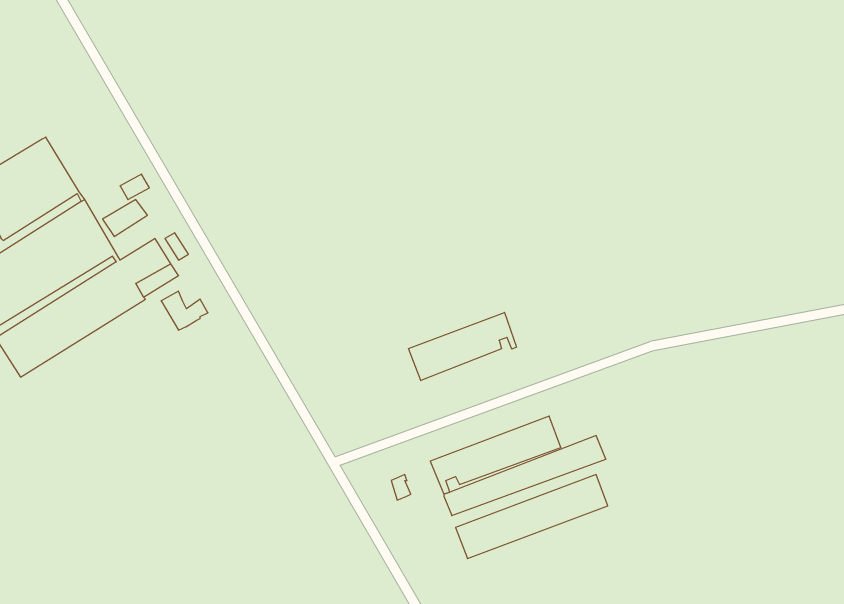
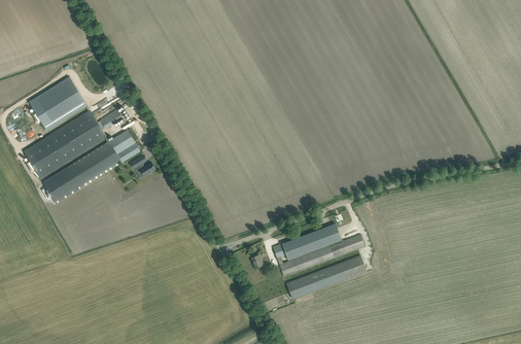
building: [409,312,516,381] -> none

